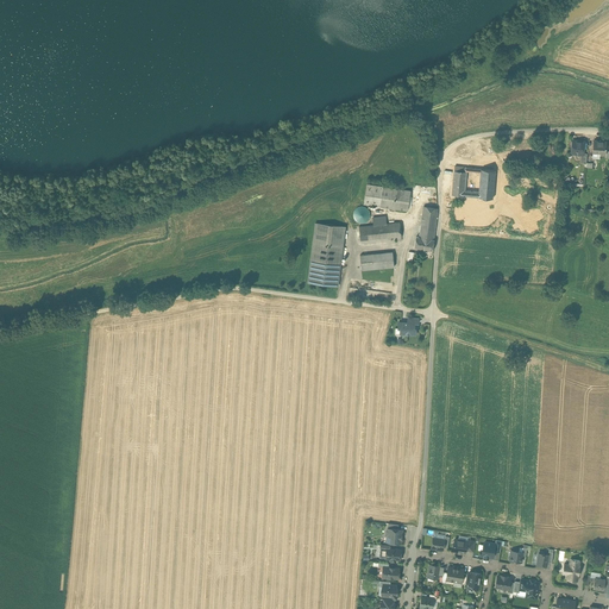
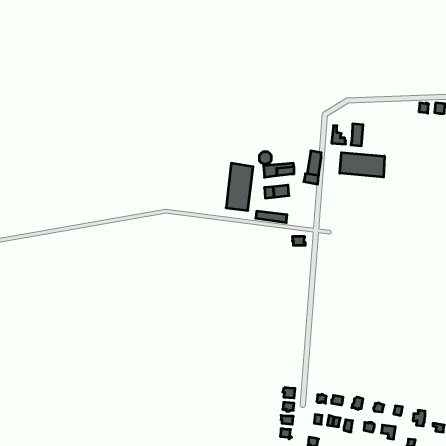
building: [364,184,410,211] -> none
building: none -> [340,153,384,177]

